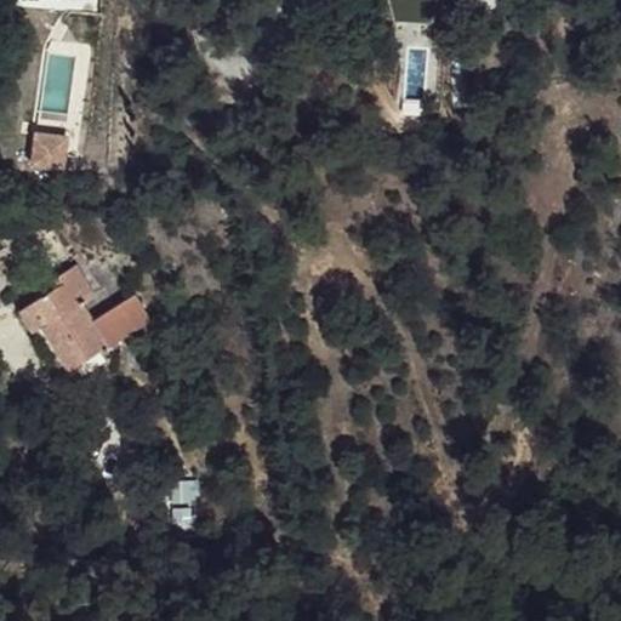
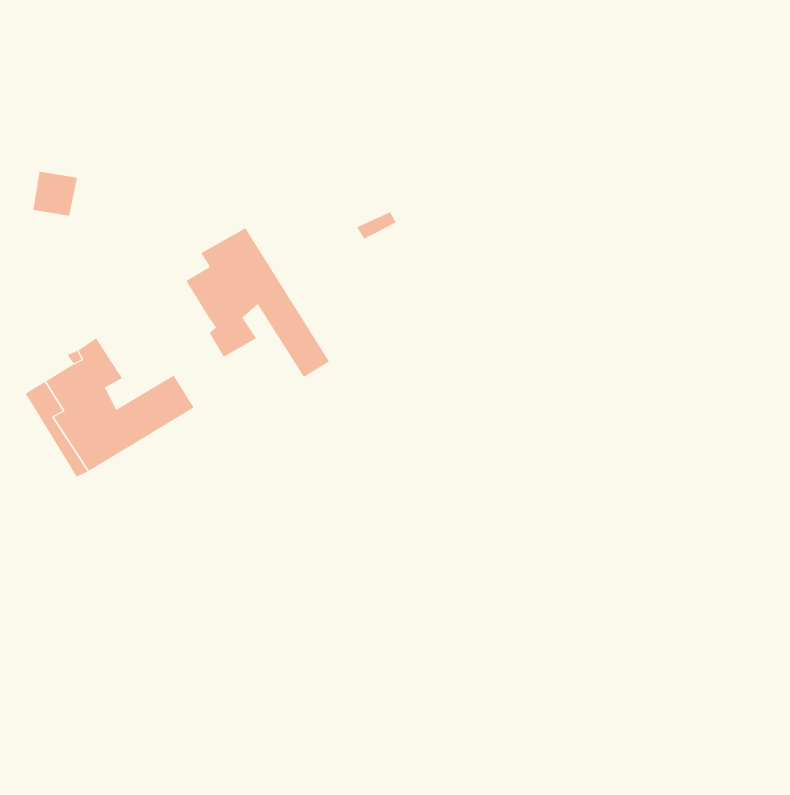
building: none -> [185,228,330,378]

